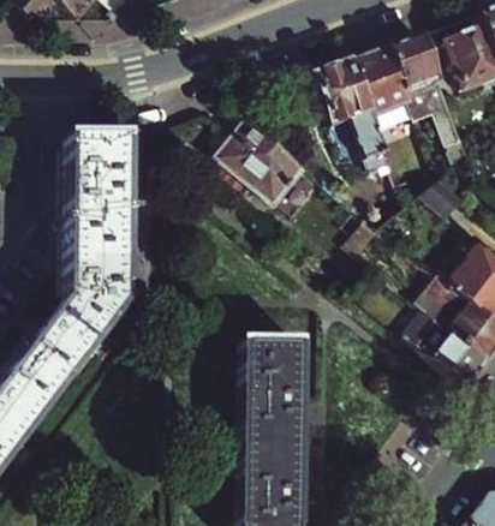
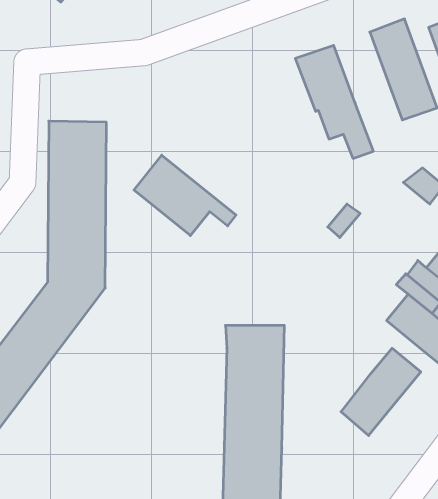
building: [353,47,411,118] -> none
building: [220,122,322,203] -> [134,155,236,236]
building: none -> [341,348,421,436]

